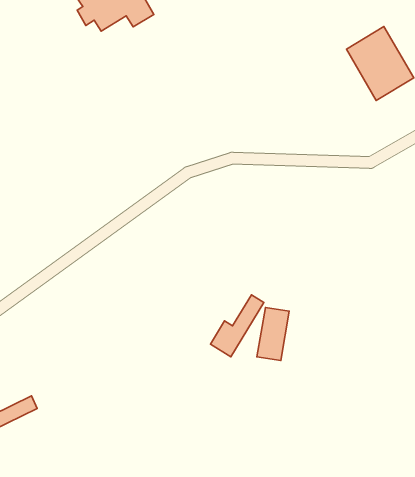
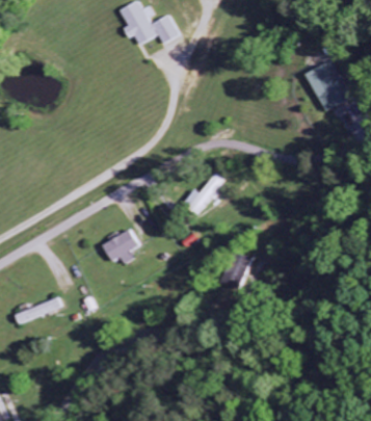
building: none -> [100,228,138,264]
building: [211,295,264,357] -> [182,172,222,214]

